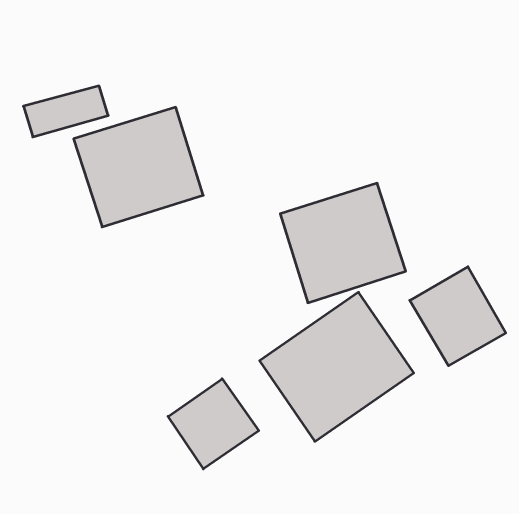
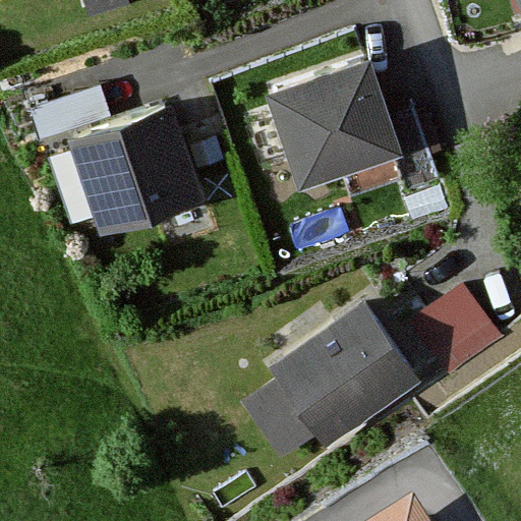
building: [280,183,406,303] -> [274,72,399,191]
building: [168,379,259,469] -> none

